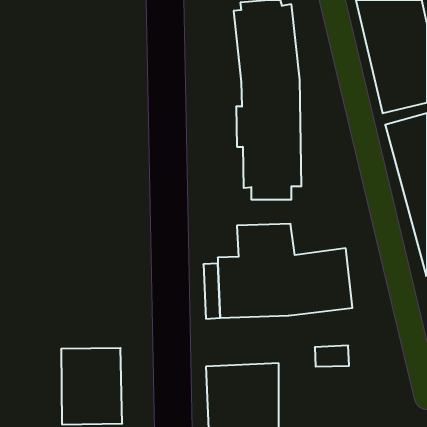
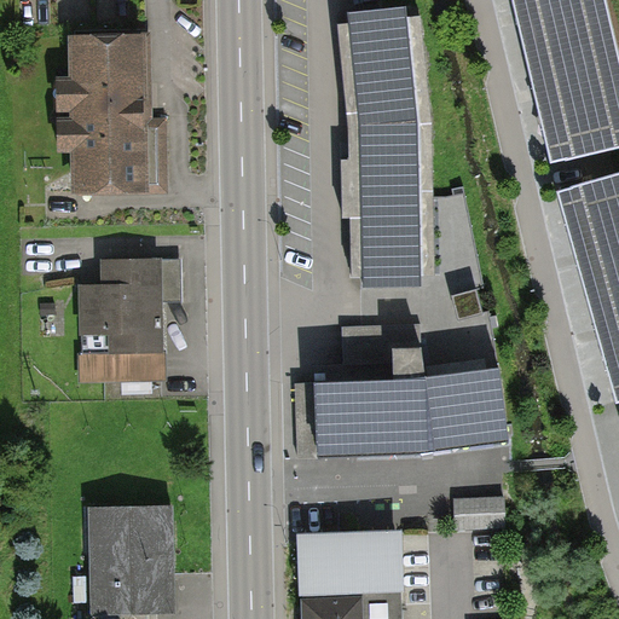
building: none -> [56,30,168,198]
building: none -> [79,255,184,382]

